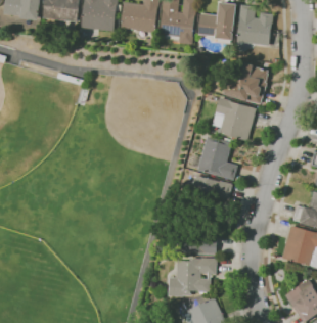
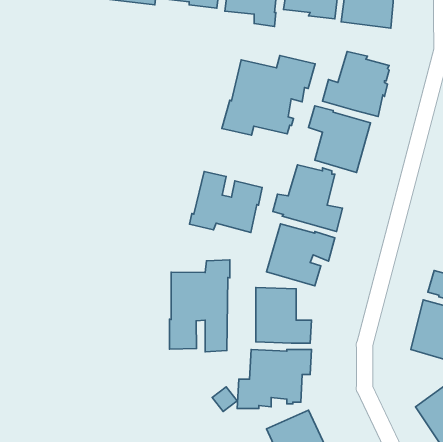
building: none -> [222,56,315,135]
building: none -> [189,171,262,233]
building: none -> [169,260,230,352]

